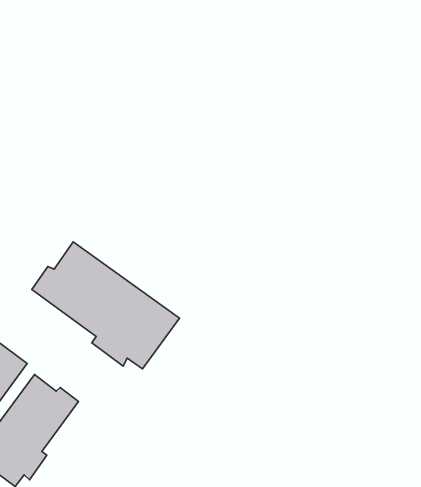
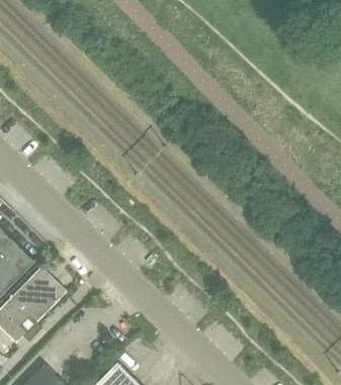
building: [32,242,180,369] -> none

